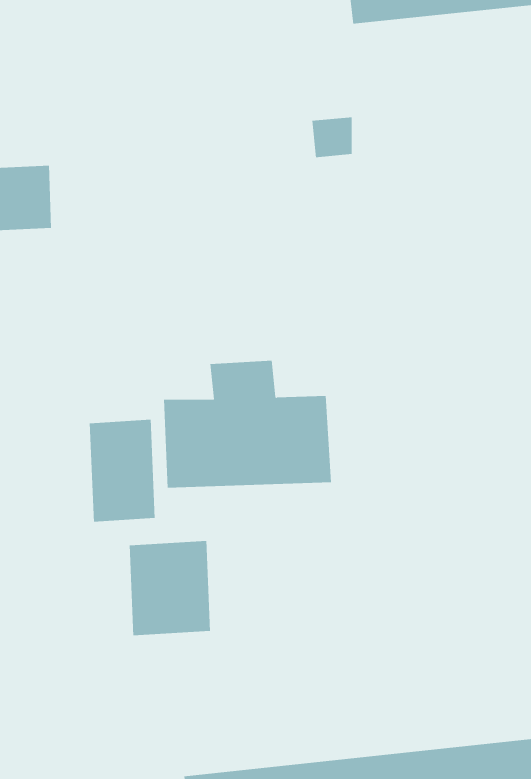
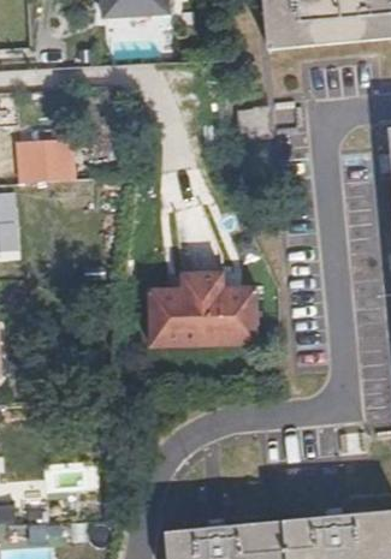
building: [89,419,155,523] -> none
building: [129,540,211,636] -> none

